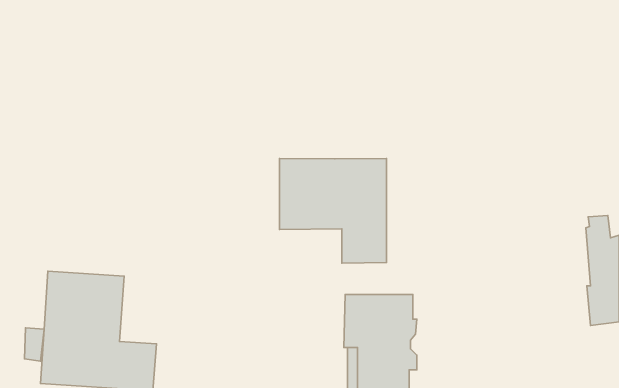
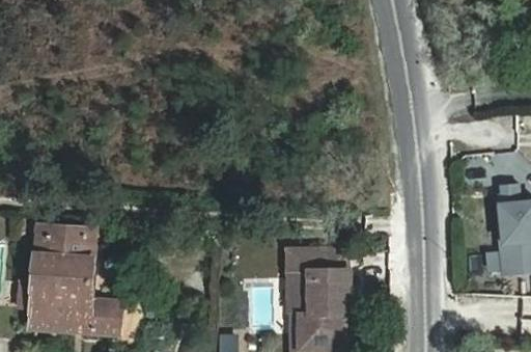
building: [279,159,387,263] -> none

